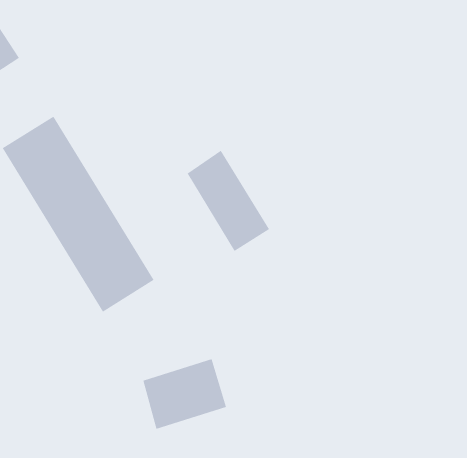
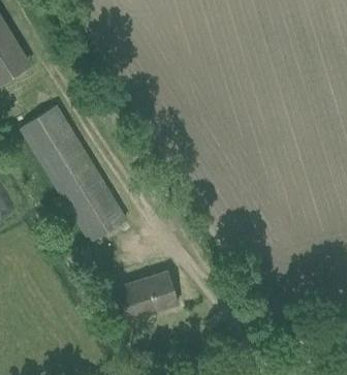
building: [187,150,270,252] -> none

